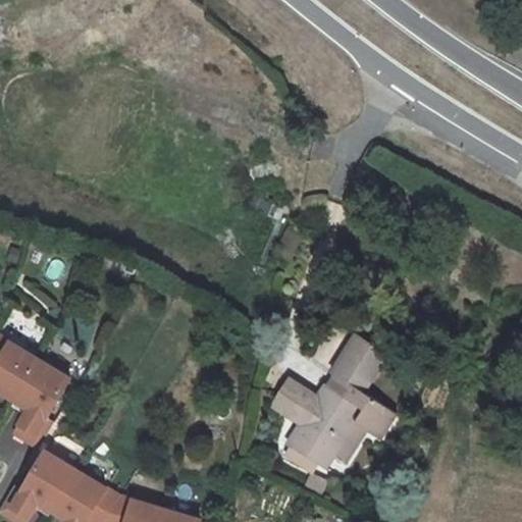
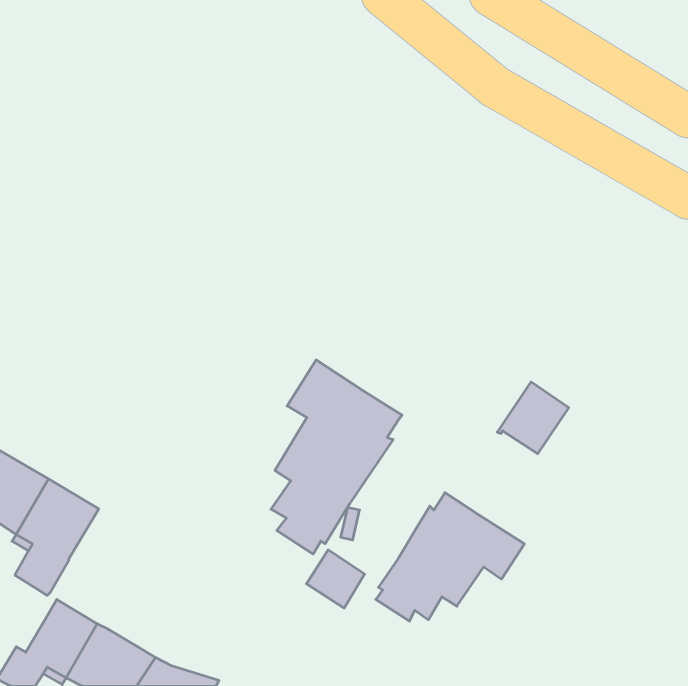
building: none -> [271,360,402,554]
building: [331,334,385,388] -> [497,382,569,454]
building: [272,376,316,420] -> [306,550,365,608]

